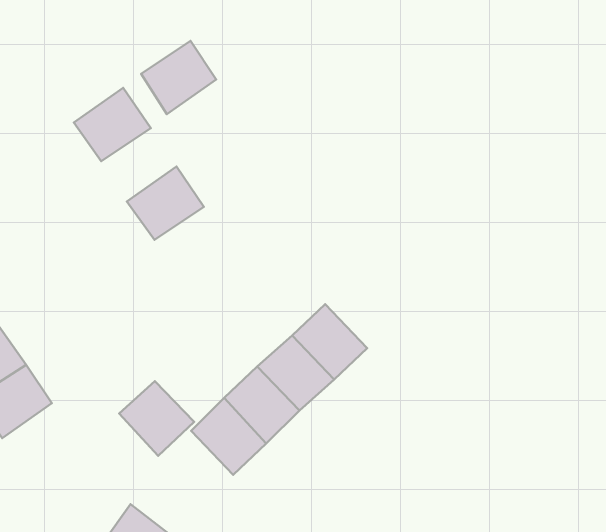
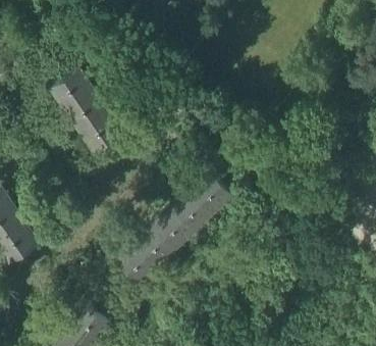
building: [141,41,216,114] -> [64,92,106,133]
building: none -> [189,171,230,214]
building: [119,381,194,456] -> none

